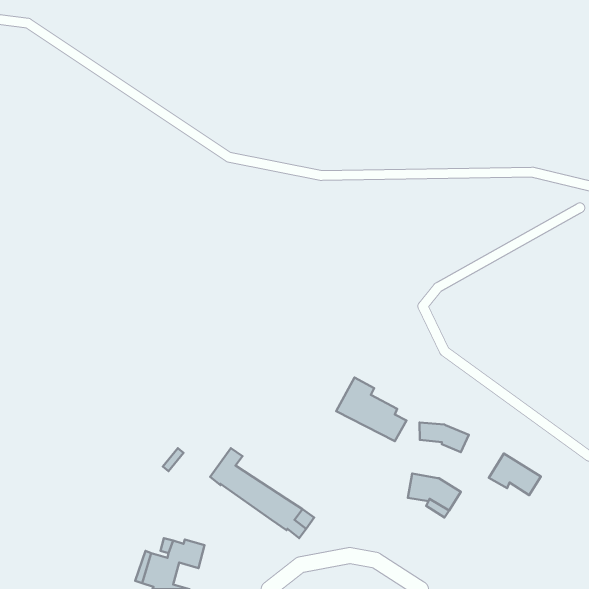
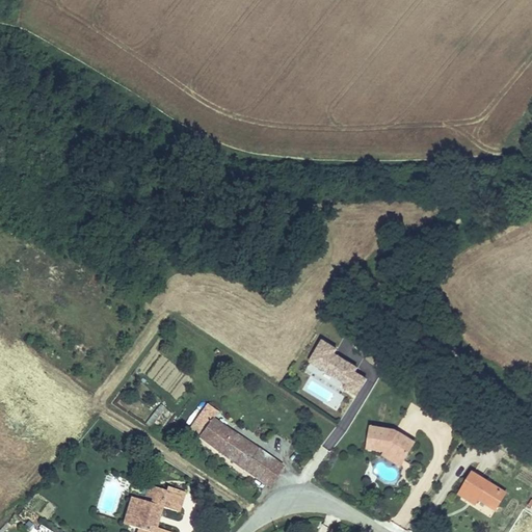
building: [419,422,469,452] -> none
building: [489,454,541,495] -> [459,472,506,509]

